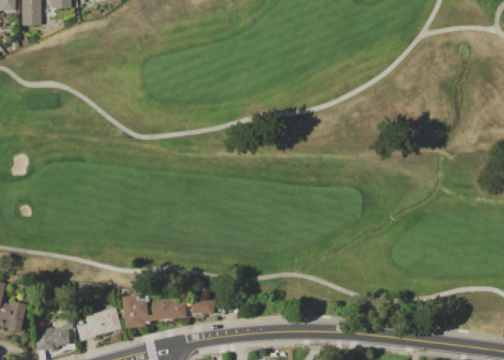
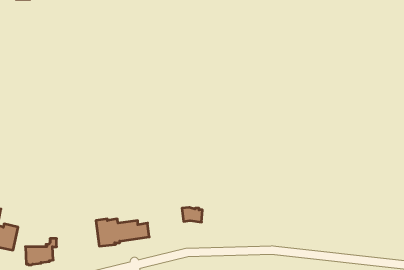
building: [190,296,215,314] -> [182,207,202,222]
building: [76,308,121,340] -> none

